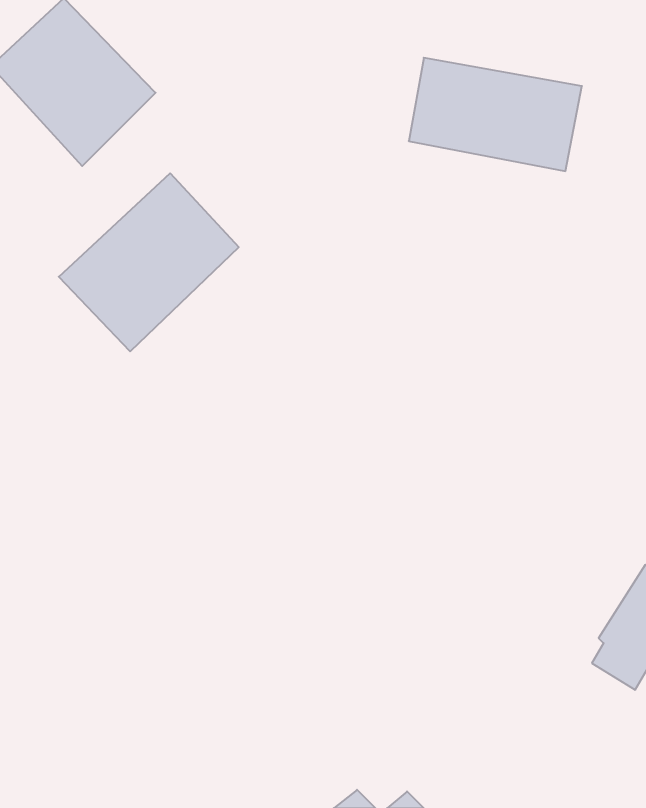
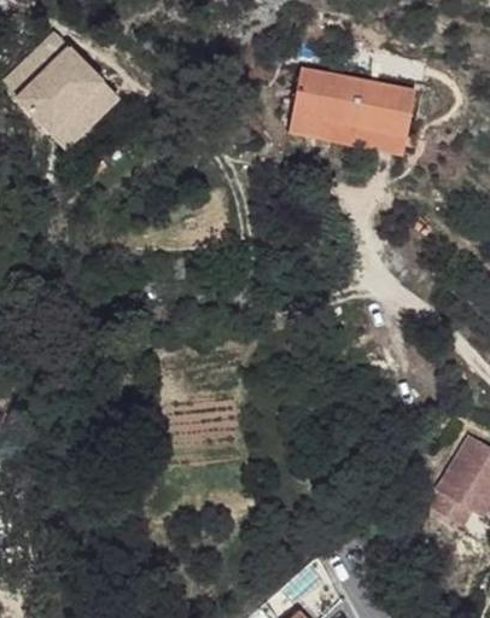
building: [59,173,239,351] -> none

